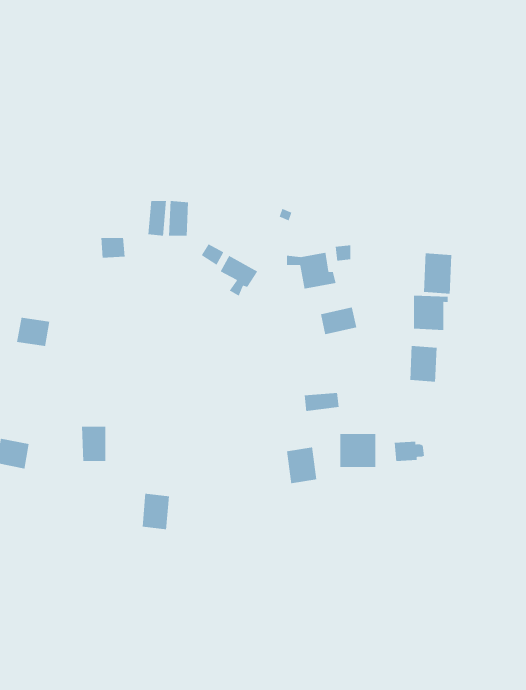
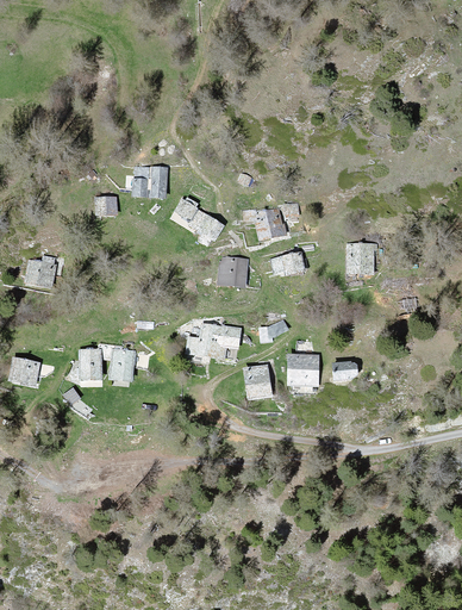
building: [424,252,452,294] -> none
building: none -> [220,257,246,285]
building: [410,345,437,382] -> none
building: none -> [187,323,239,357]
building: [142,493,170,530] -> [111,349,133,379]

